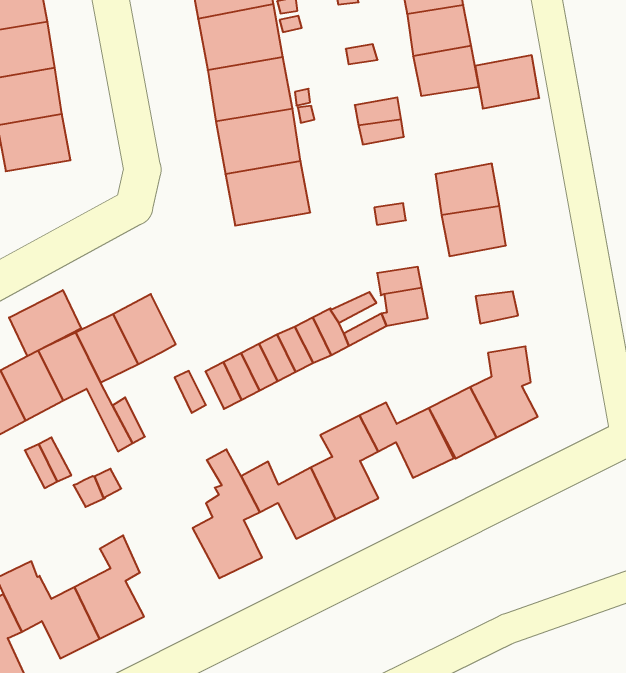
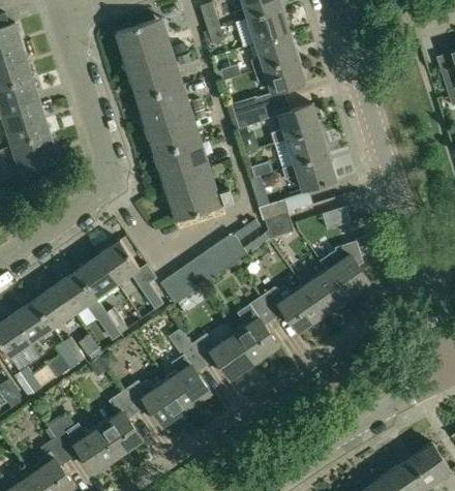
building: [475,55,539,109] -> [277,104,320,142]
building: none -> [165,176,221,221]
building: [9,290,81,356] -> none
building: none -> [122,381,185,427]

